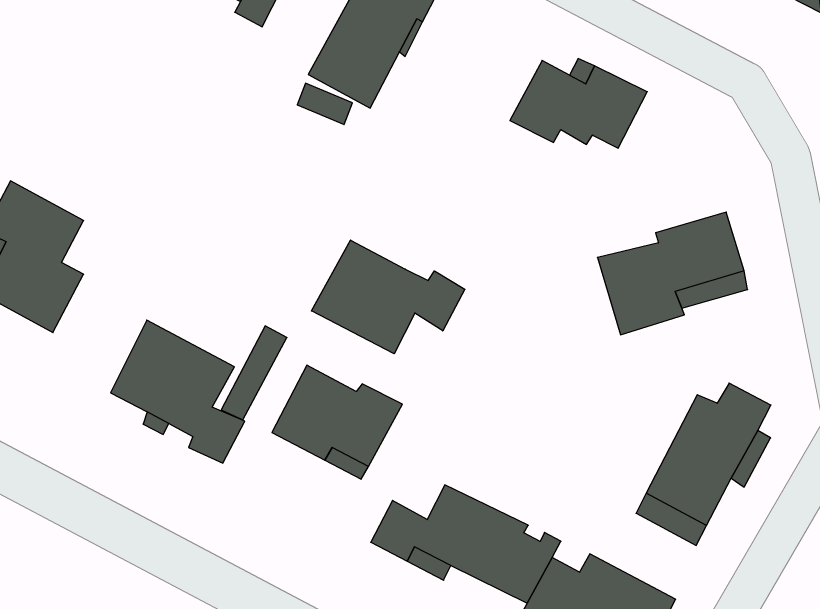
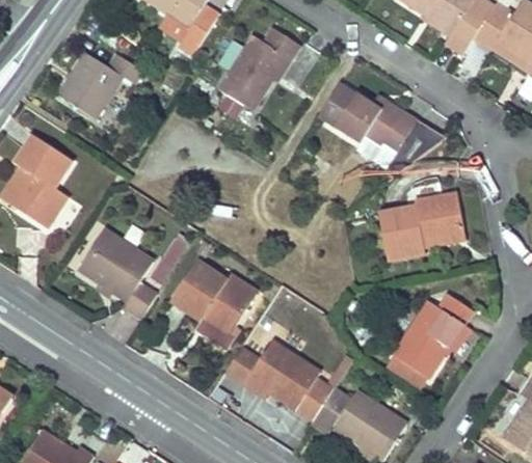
building: none -> [55,50,141,117]
building: none -> [318,79,357,125]
building: none -> [357,115,450,170]
building: [311,240,465,354] -> none

